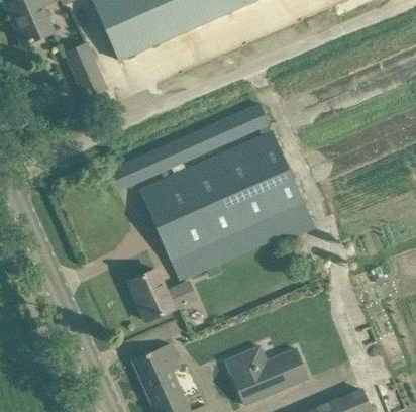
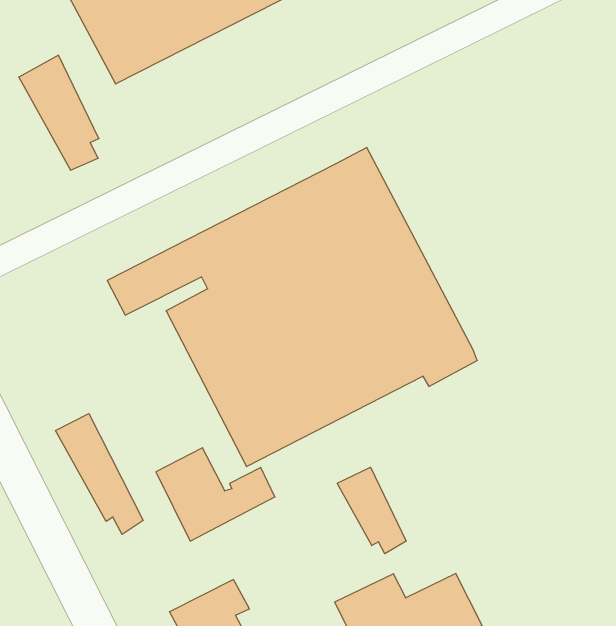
building: none -> [55,414,143,534]
building: none -> [337,467,406,554]

